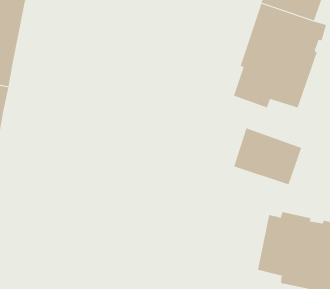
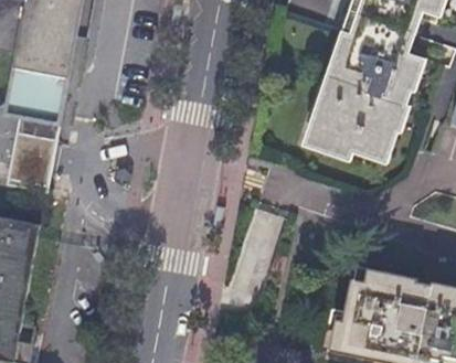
building: [234,128,302,185] -> none

